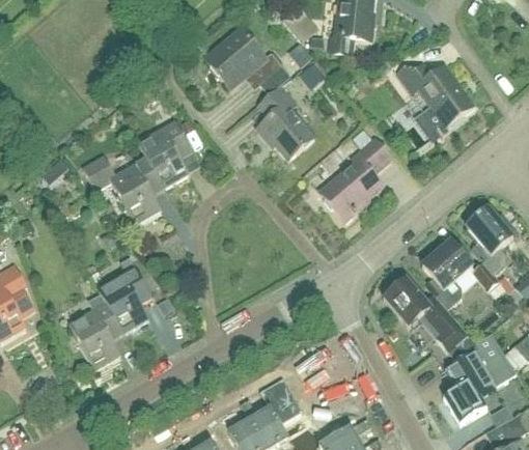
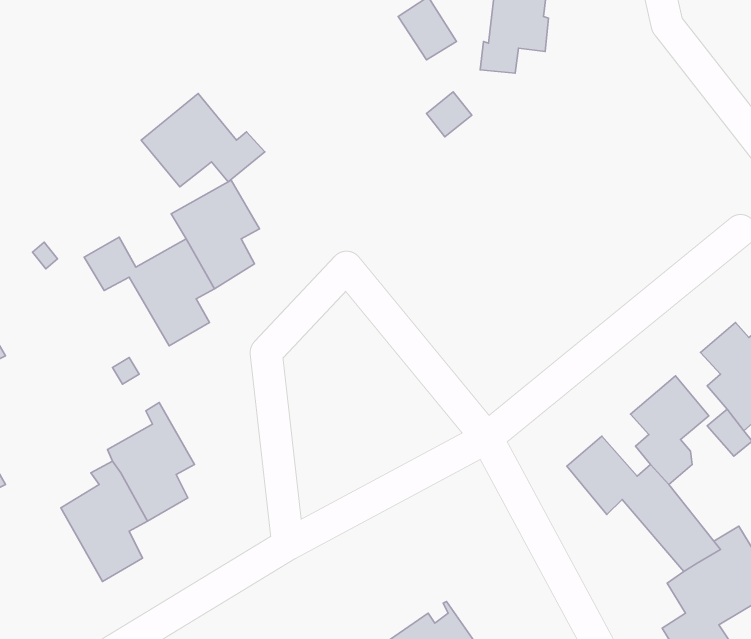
building: [204,29,281,87] -> [141,93,265,187]
building: [394,61,472,135] -> none
building: [256,83,314,158] -> none
building: [318,129,391,220] -> none

